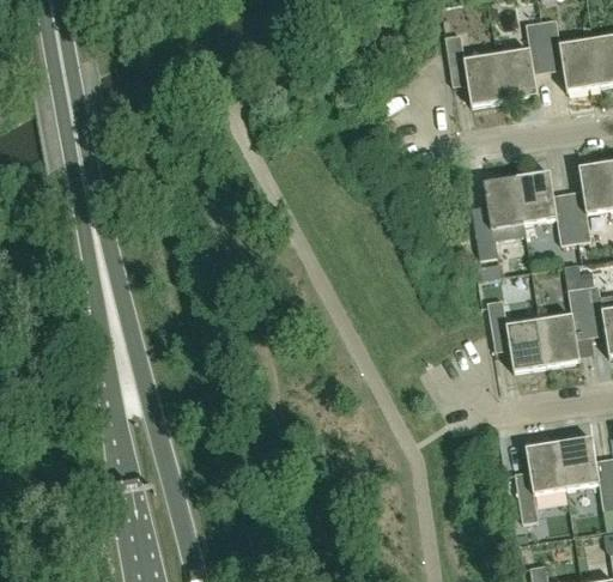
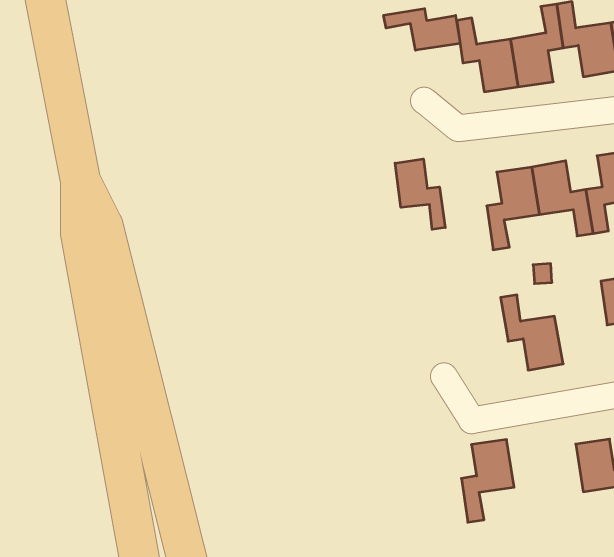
building: none -> [384,9,460,50]
building: none -> [395,159,445,229]
building: [539,285,589,364] -> none
building: [516,441,566,520] -> [461,440,514,522]

